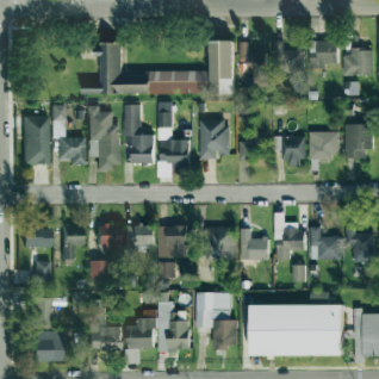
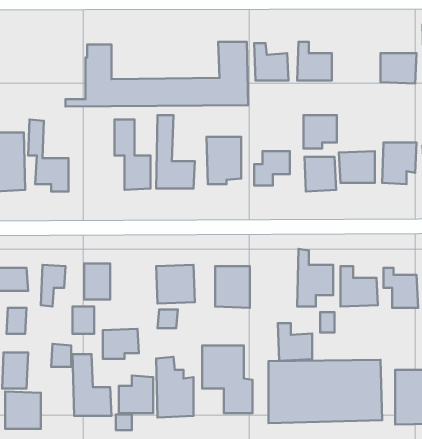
building: [310,41,337,68] -> [304,115,337,148]
building: [88,112,119,167] -> none
building: [125,224,155,249] -> [103,329,139,359]
building: [240,229,268,260] -> [278,323,312,361]

